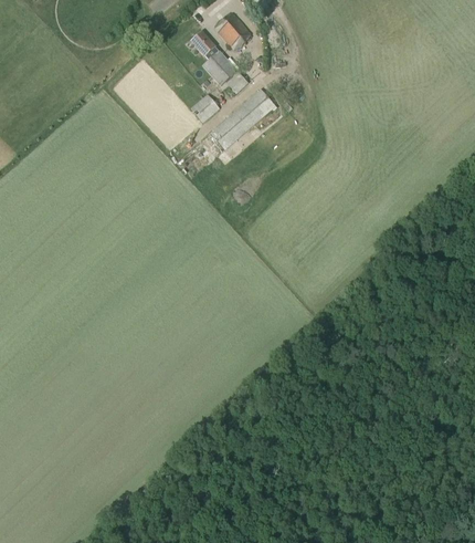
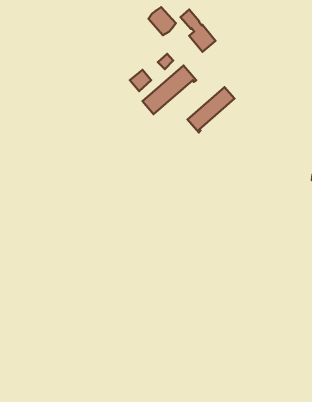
building: [191,30,236,85] -> [181,9,215,52]
building: none -> [187,87,235,133]

